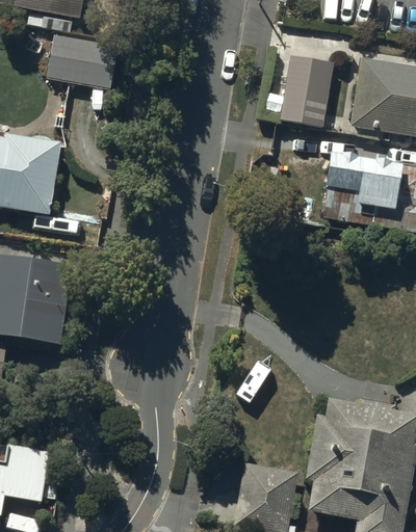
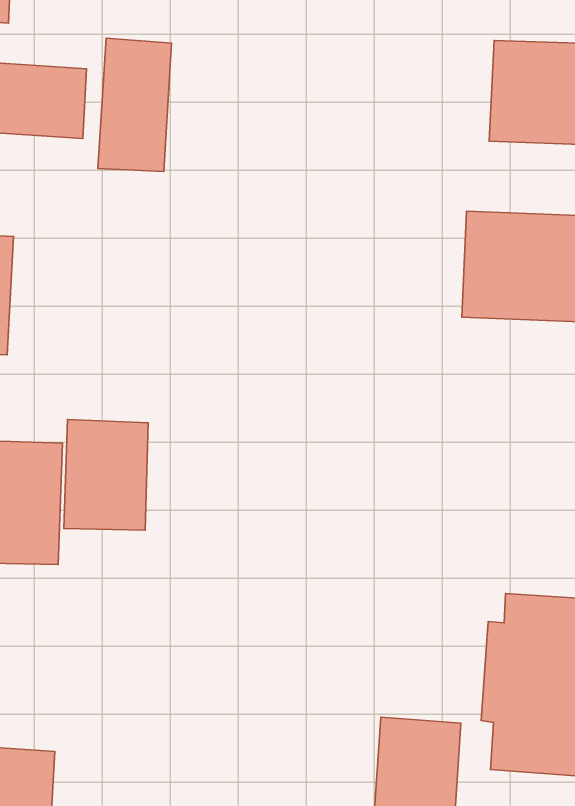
building: none -> [98,38,172,171]
building: [282,53,330,117] -> none
building: none -> [64,420,148,530]

